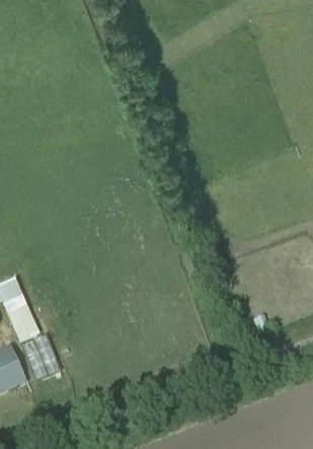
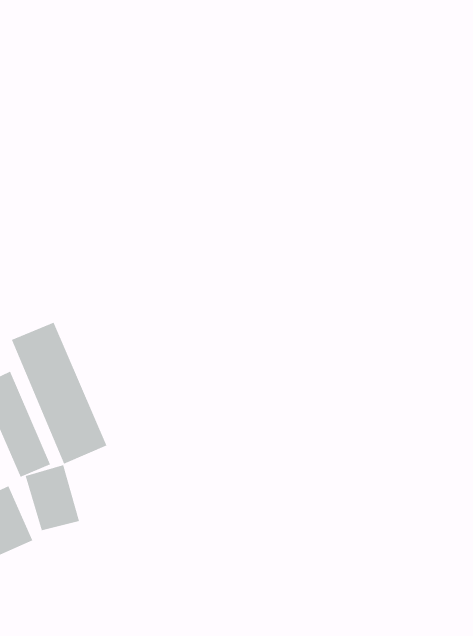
building: none -> [11,322,107,465]

